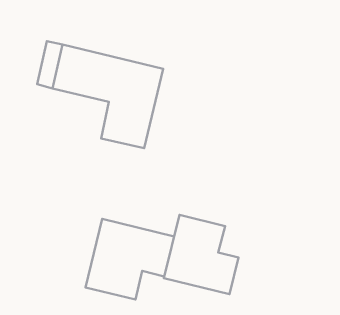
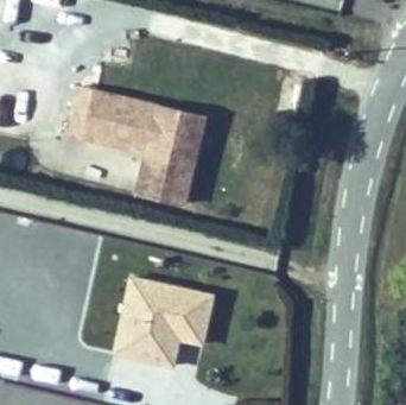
building: [164,215,239,294] -> none

